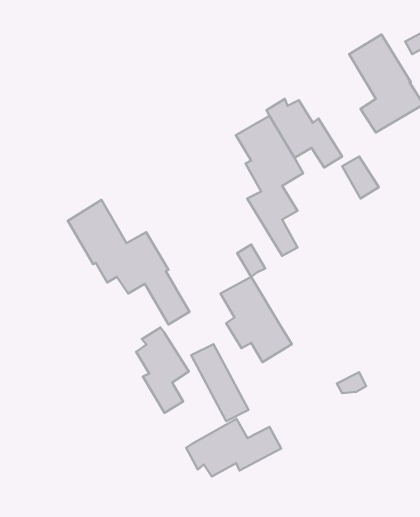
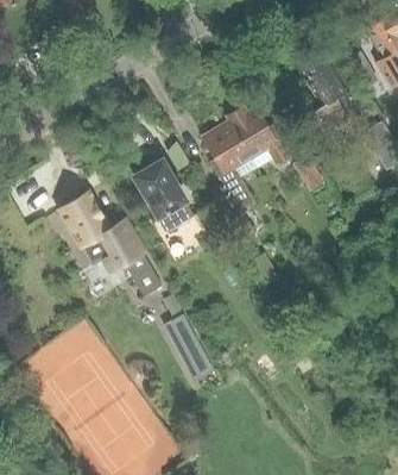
building: [220,277,292,362] -> [134,160,195,232]
building: [136,328,189,413] -> none
building: [186,419,281,476] -> none

